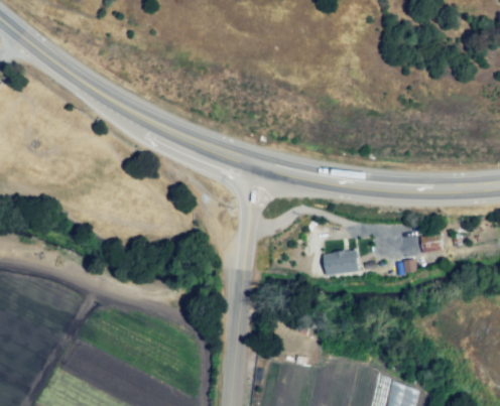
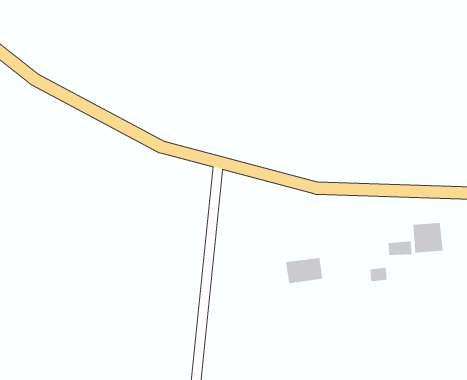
building: none -> [413,222,443,253]

